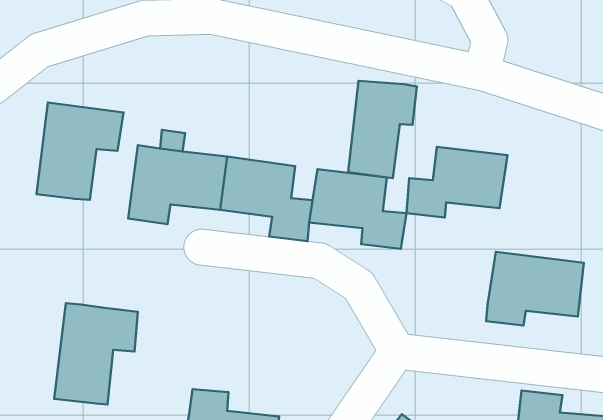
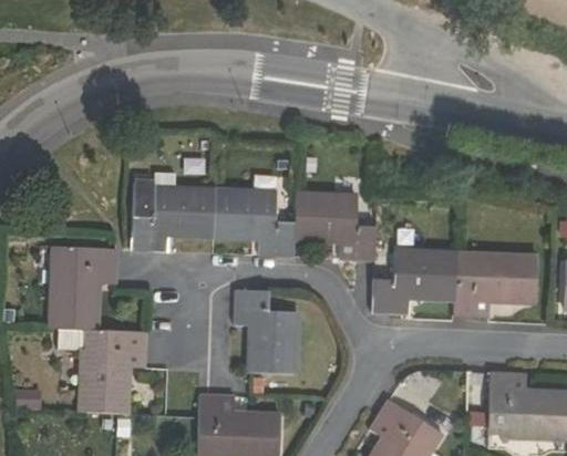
building: [348,81,417,178] -> none
building: [36,102,123,200] -> [48,247,118,330]
building: [406,147,508,217] -> [373,250,458,312]
building: none -> [235,289,297,372]

